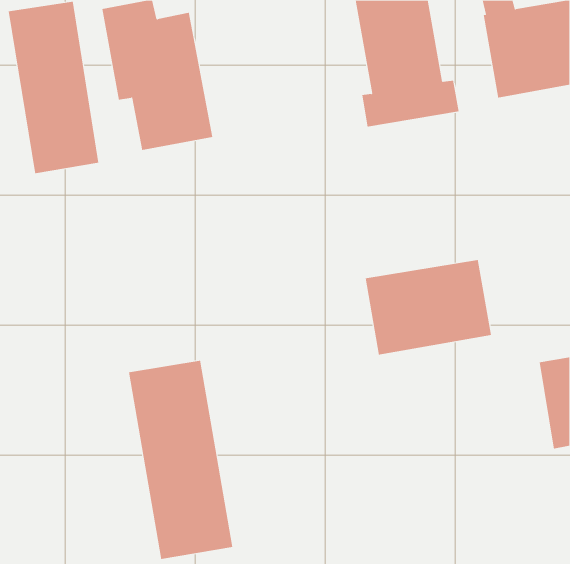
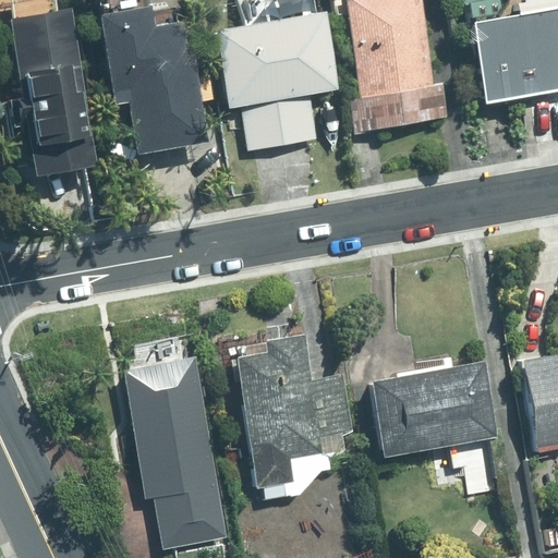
building: none -> [215,10,338,151]
building: [365,259,492,355] -> [372,362,496,456]
building: none -> [235,335,354,488]

